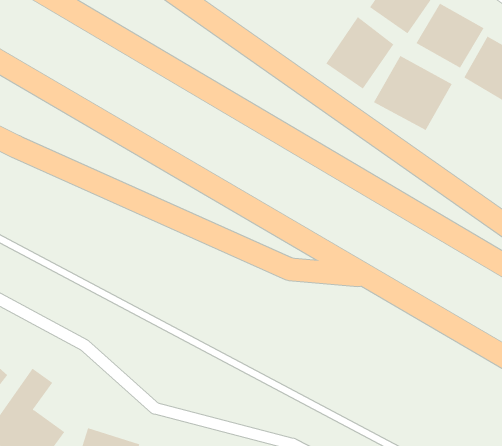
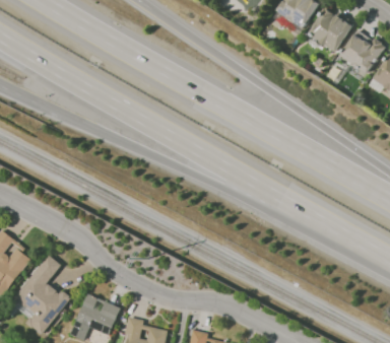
building: [325,16,394,90] -> none
building: [373,55,453,131] -> none

